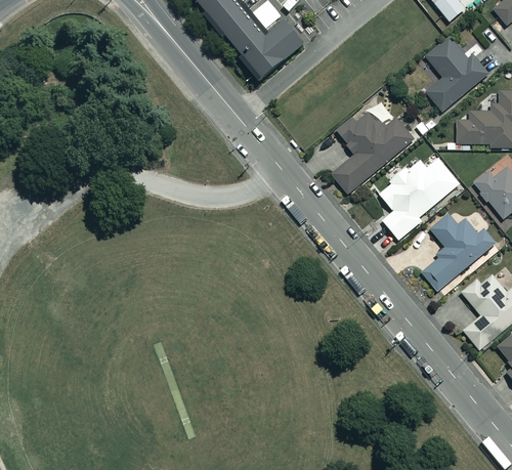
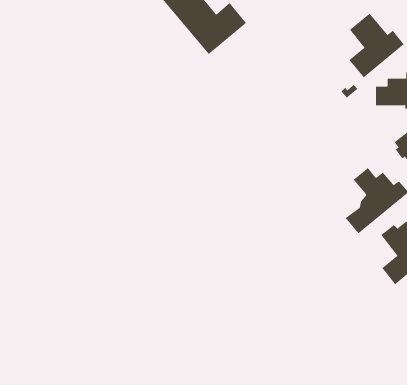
building: [331,106,415,193] -> none
building: [379,157,459,239] -> none

